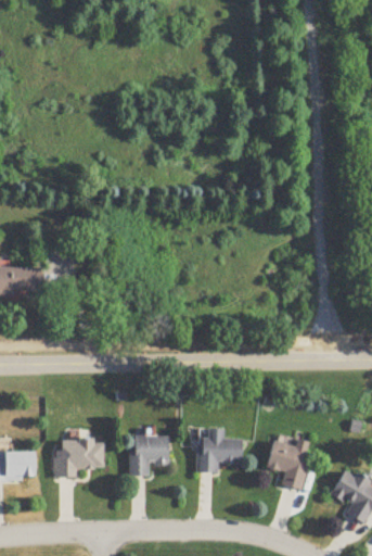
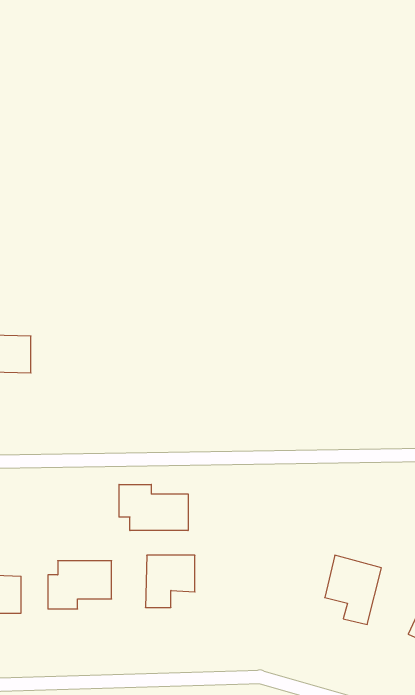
building: none -> [119,484,188,531]
building: [196,429,241,472] -> none

